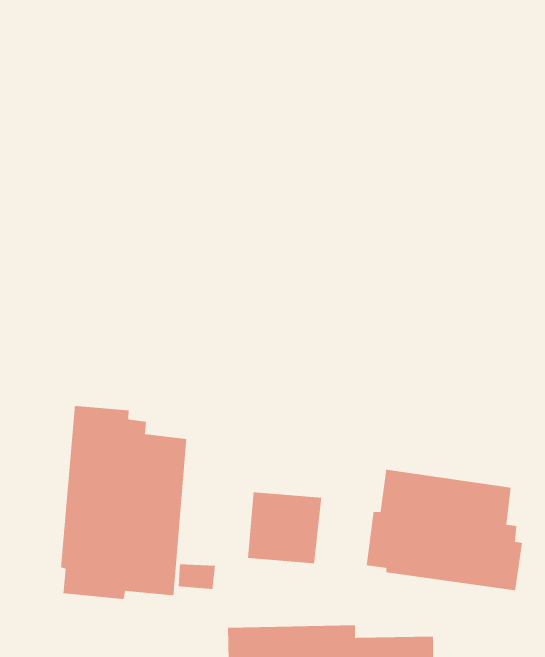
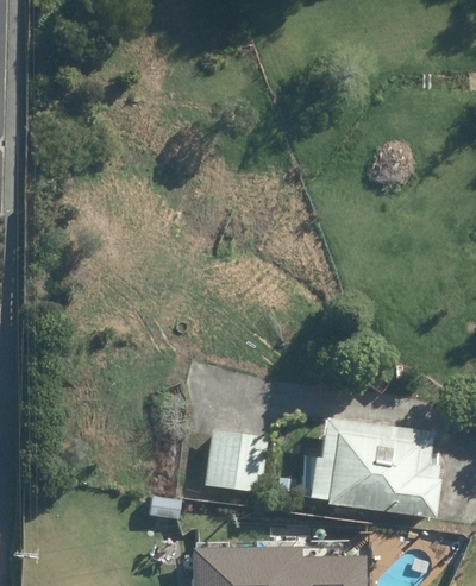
building: [60,405,187,600] -> none

